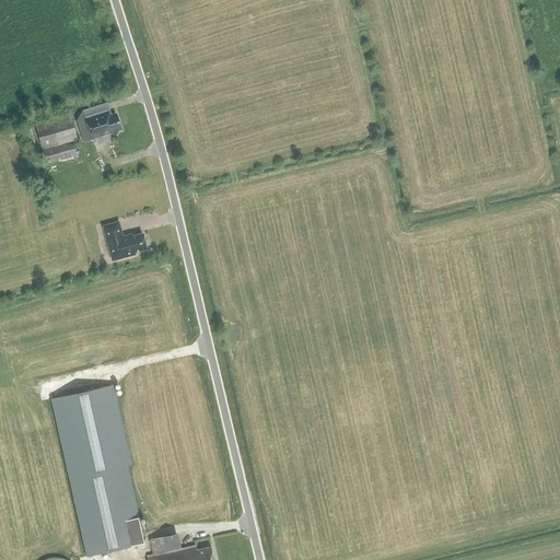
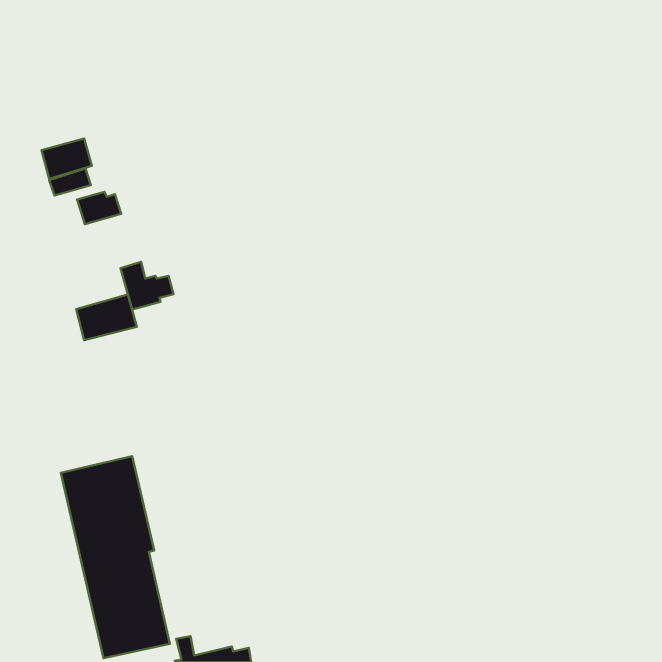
building: [84,112,121,139] -> [77,192,121,224]
building: none -> [76,295,137,340]

